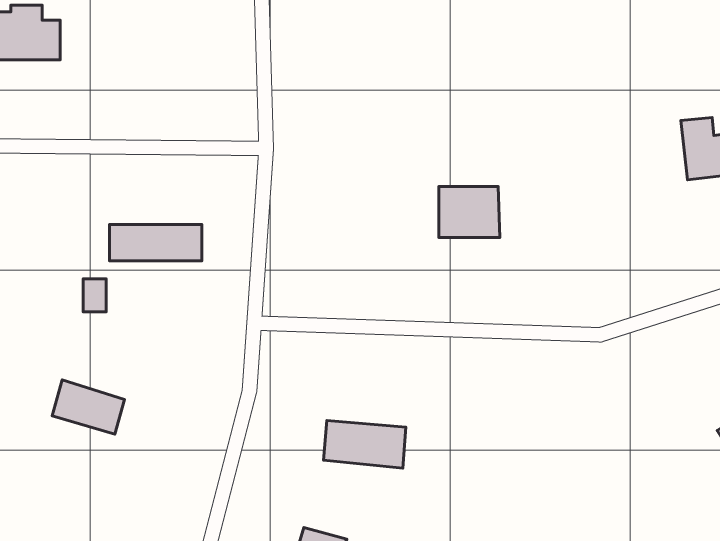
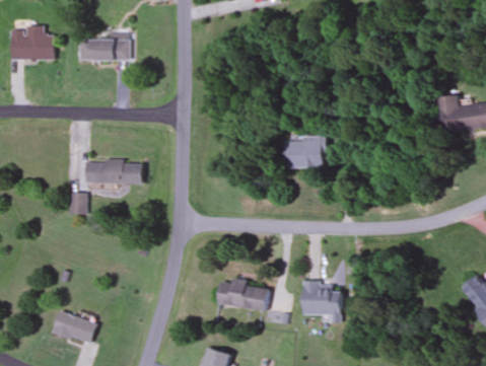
building: none -> [78,35,130,61]
building: [52,380,125,434] -> [51,311,95,345]
building: none -> [302,282,342,323]

